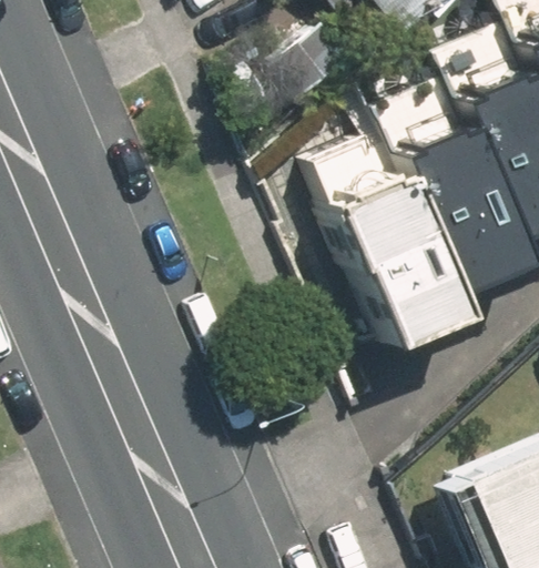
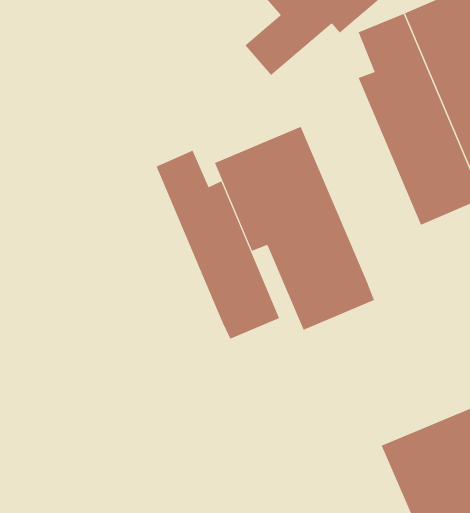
building: [343,87,495,308] -> none
building: none -> [156,150,280,339]

